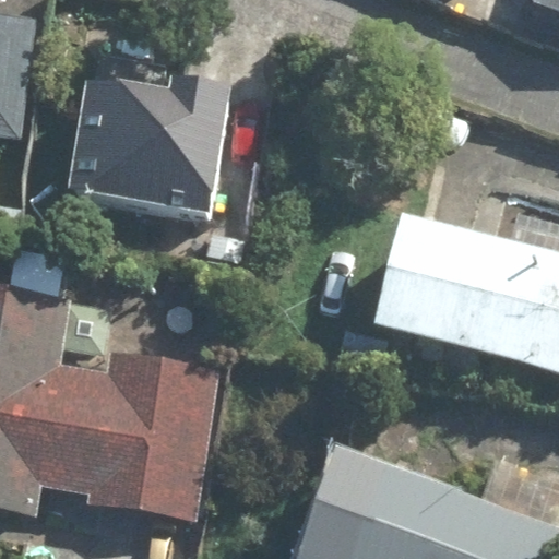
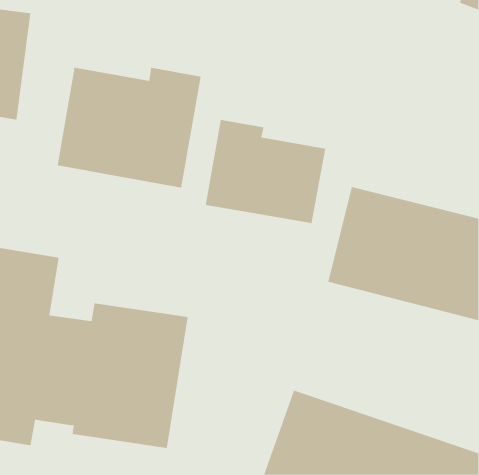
building: none -> [205,119,326,224]

